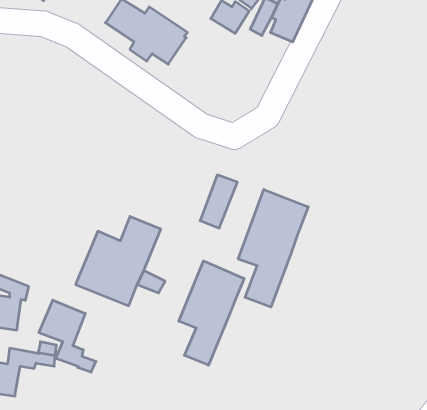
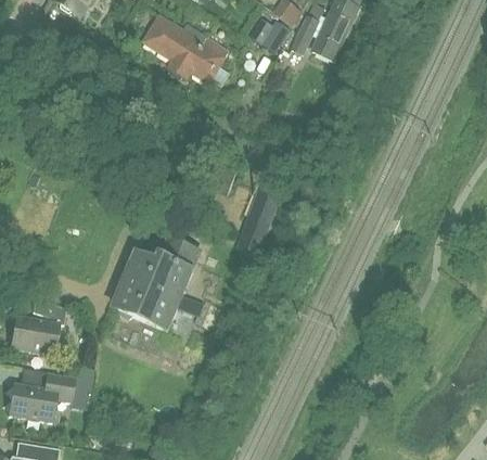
building: [238,189,308,307] -> none
building: [179,261,244,365] -> none
building: [39,300,96,372] -> none

